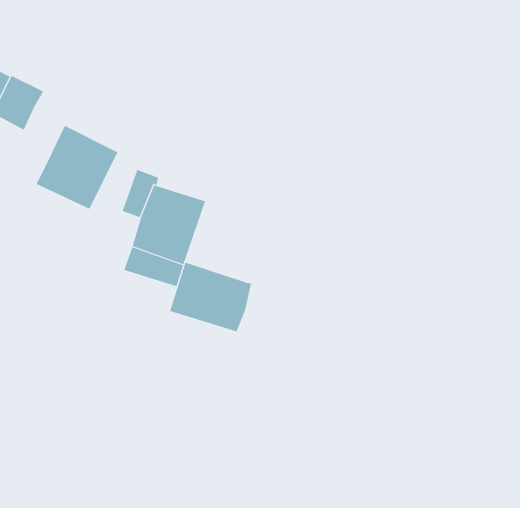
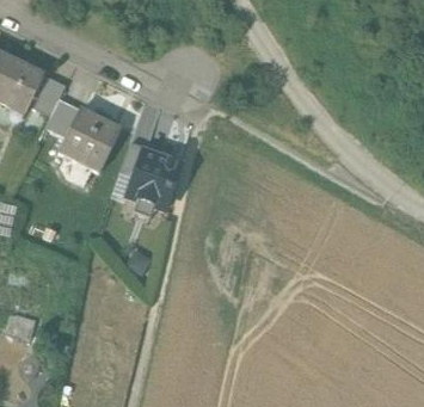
building: none -> [45,97,80,134]
building: [170,262,251,332] -> none

